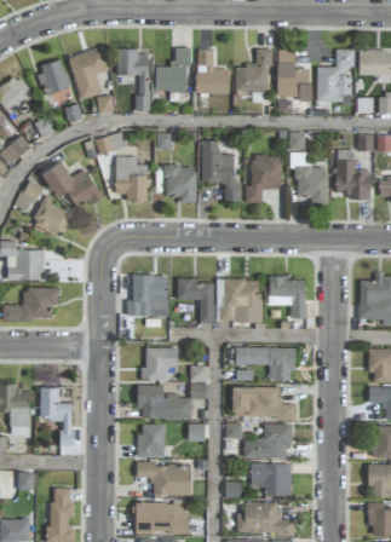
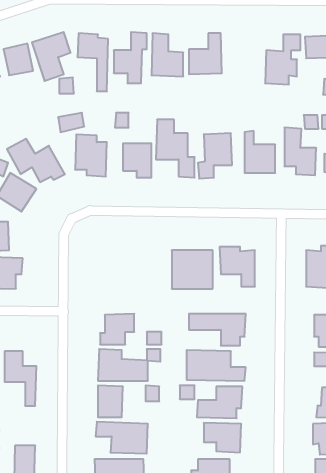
building: [276,50,311,100] -> none
building: [126,275,166,315] -> none
building: [177,278,214,322] -> none

